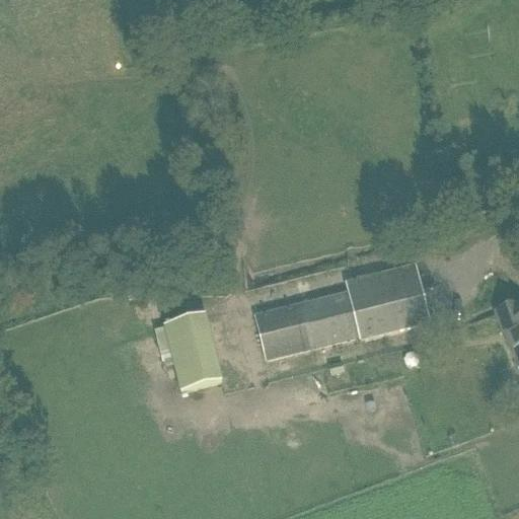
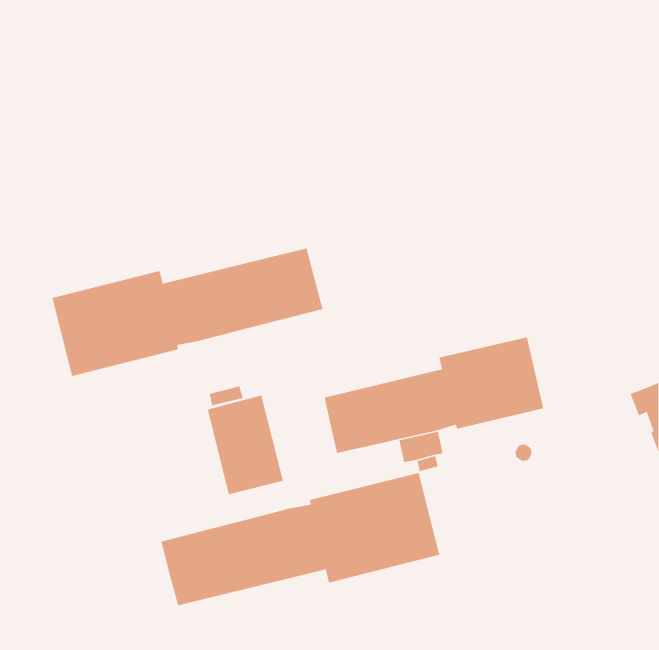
building: none -> [52,247,323,377]
building: none -> [161,472,440,606]

